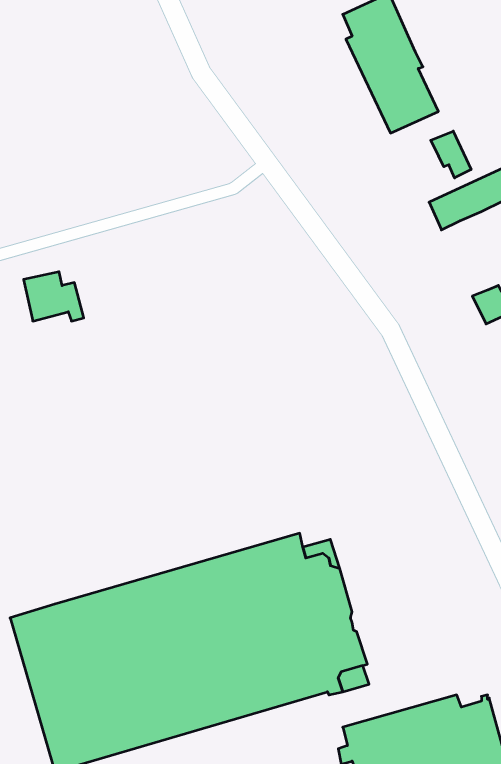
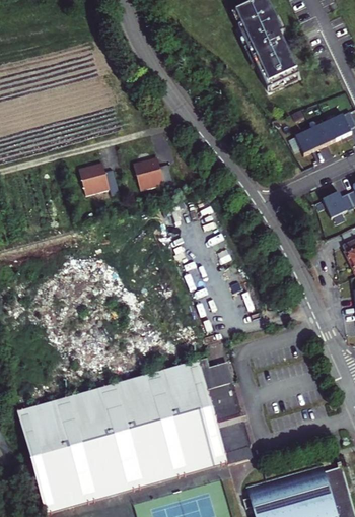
building: [431,131,471,178] -> none
building: none -> [131,157,173,190]
building: [24,272,84,321] -> [80,163,120,195]

